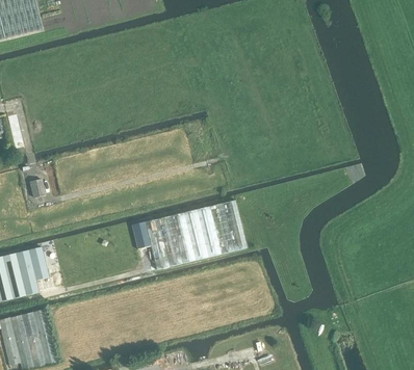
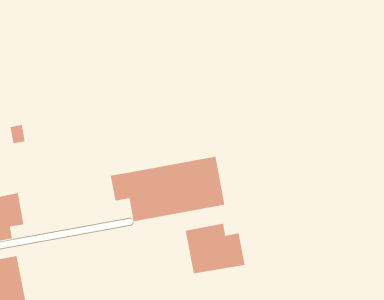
building: none -> [185,223,245,274]

